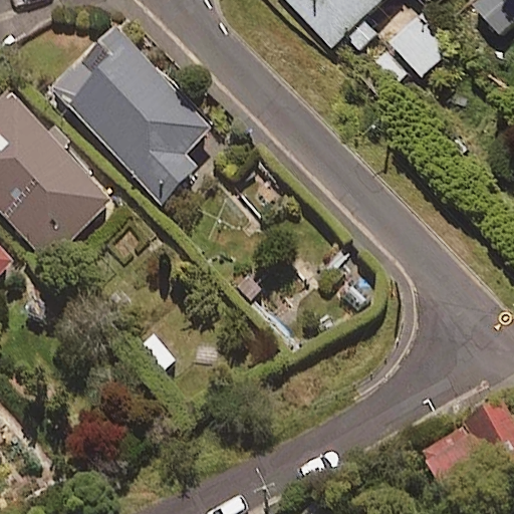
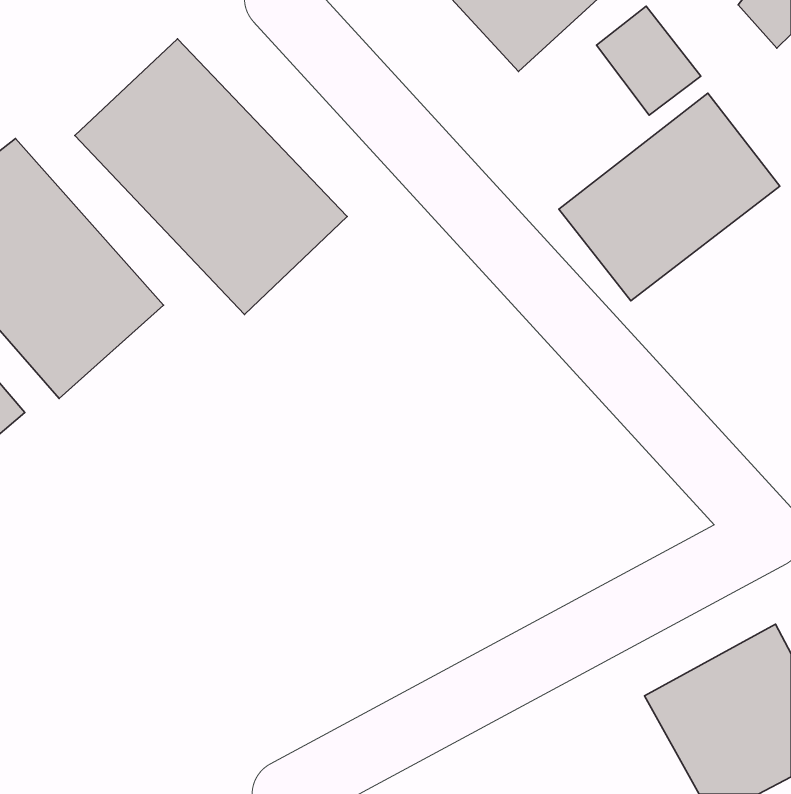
building: none -> [559,93,780,301]

